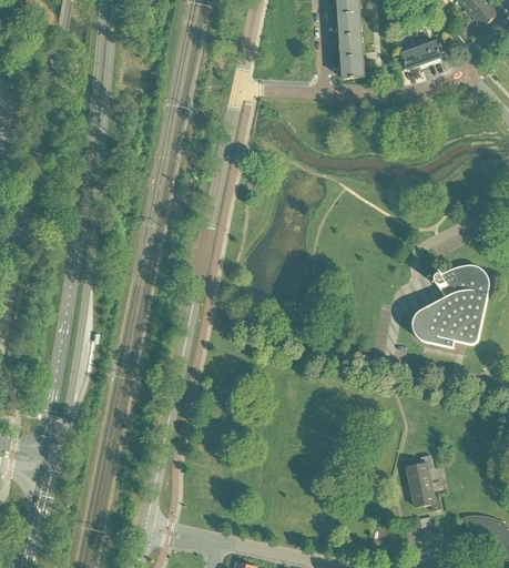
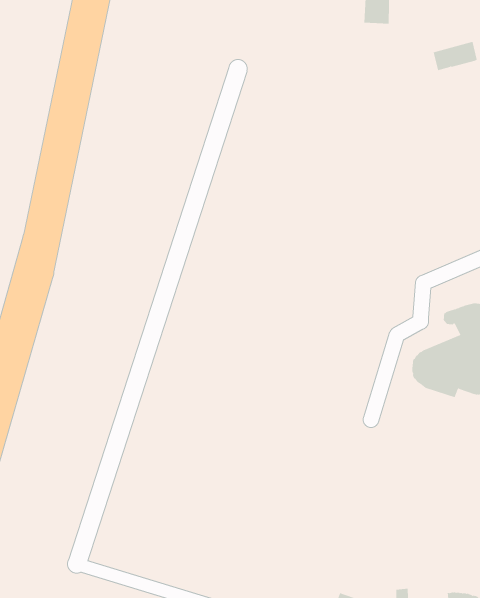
building: [339,33,364,78] -> none
building: [406,454,441,509] -> none

